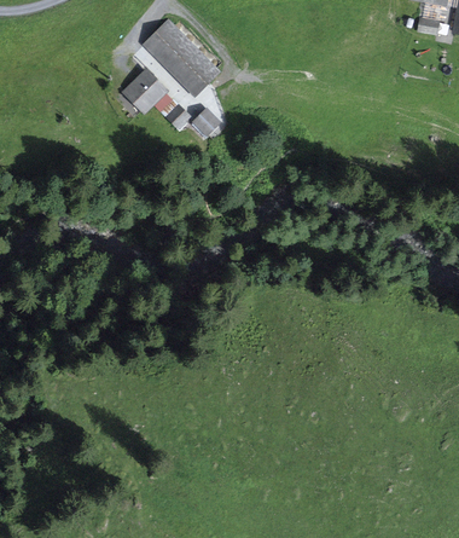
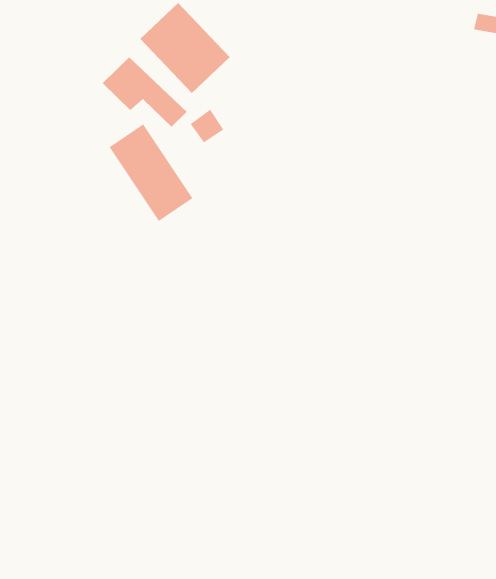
building: none -> [109,123,193,222]

